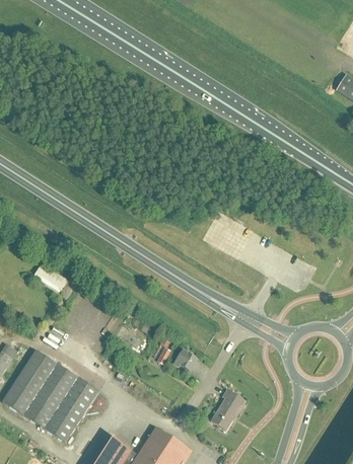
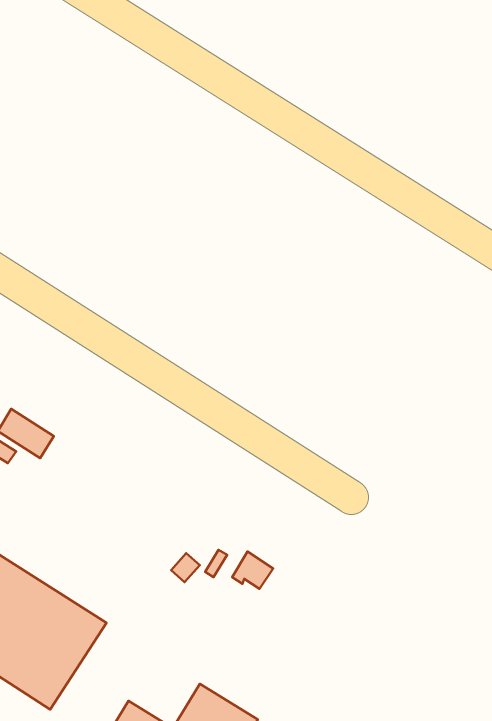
building: [211,389,245,430] -> none

